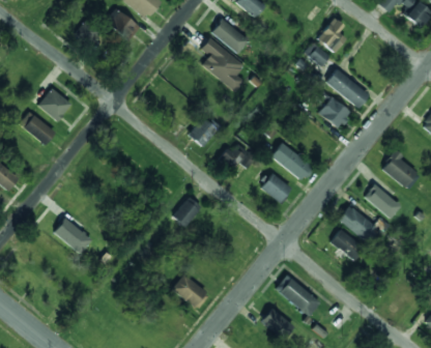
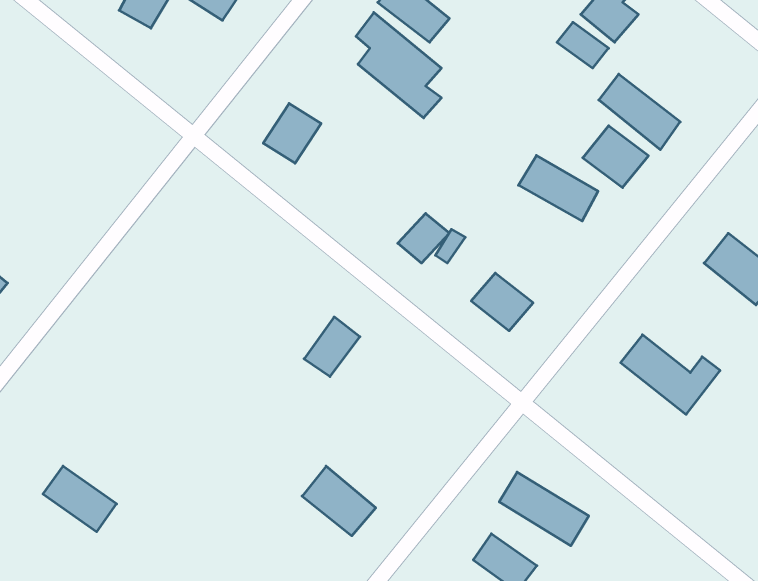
building: [38,88,71,121] -> none
building: [20,112,56,145] -> none
building: [189,116,219,147] -> [263,103,321,163]
building: [270,144,312,178] -> [518,155,598,221]
building: [364,184,401,218] -> none
building: [54,219,92,253] -> [43,466,117,532]
building: [331,230,366,260] -> none

